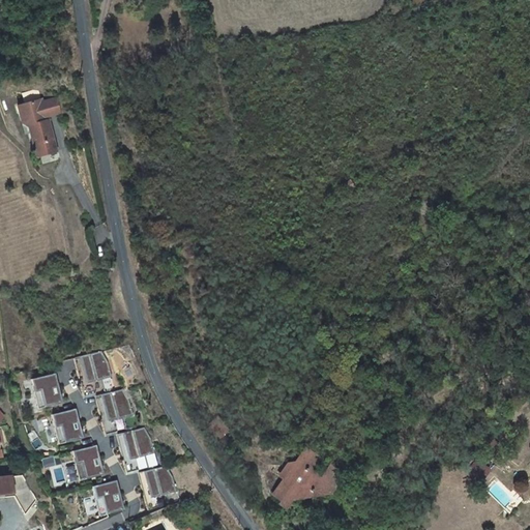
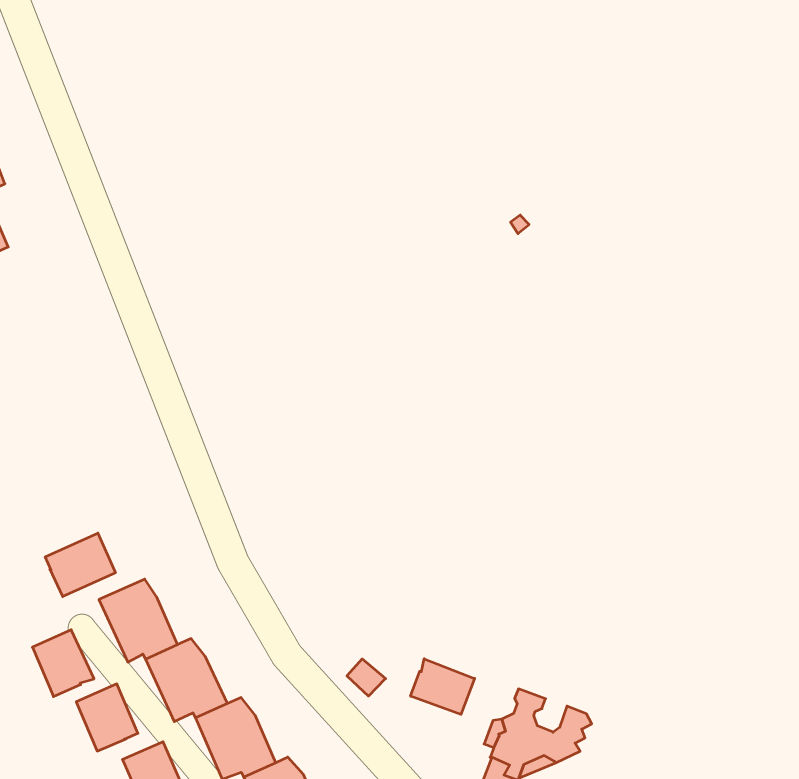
building: none -> [45,533,115,597]
building: none -> [411,659,475,714]

